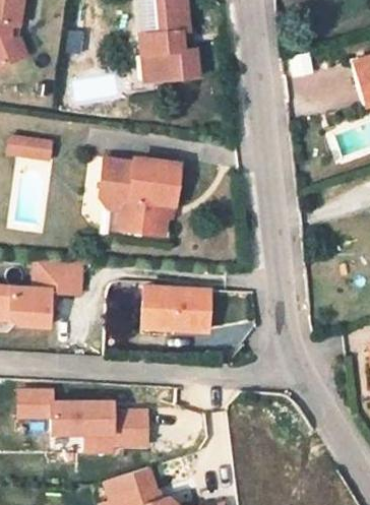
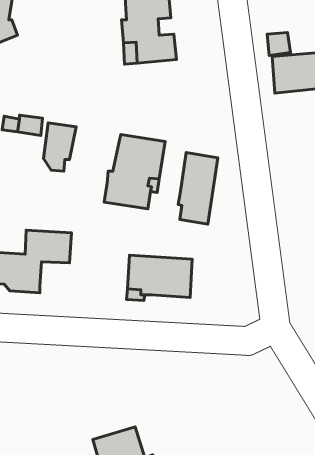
building: [100,159,134,209] -> [43,123,76,171]
building: none -> [178,153,218,224]
building: [20,390,148,450] -> none

